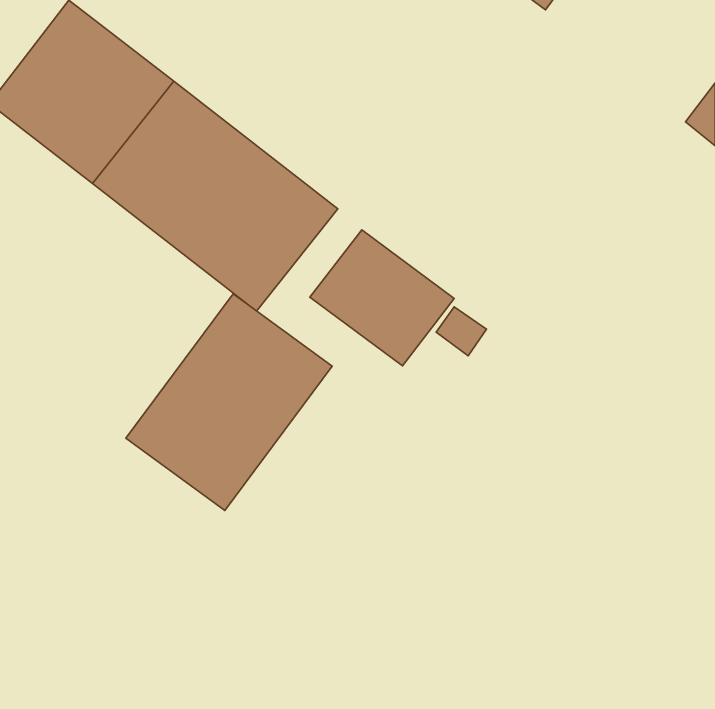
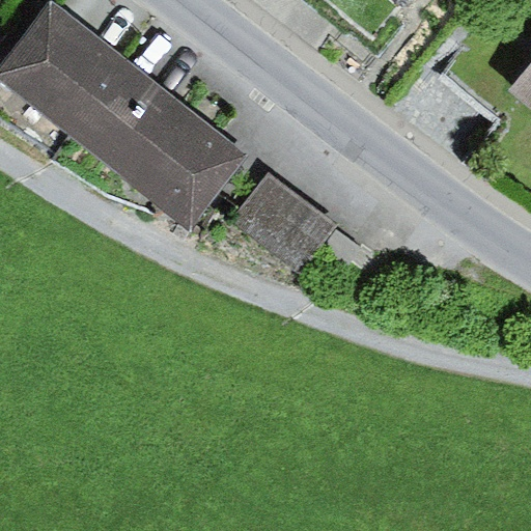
building: [126,294,332,510] -> none

